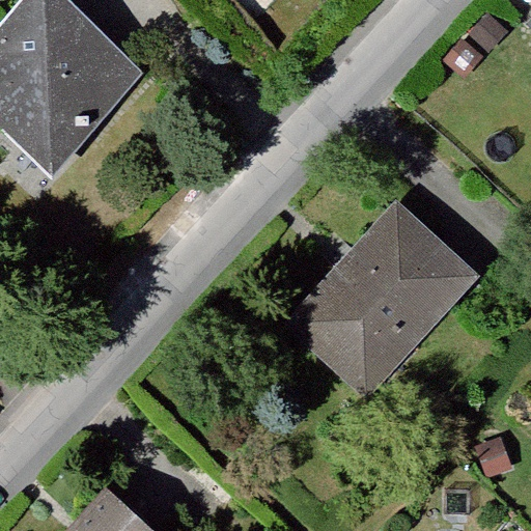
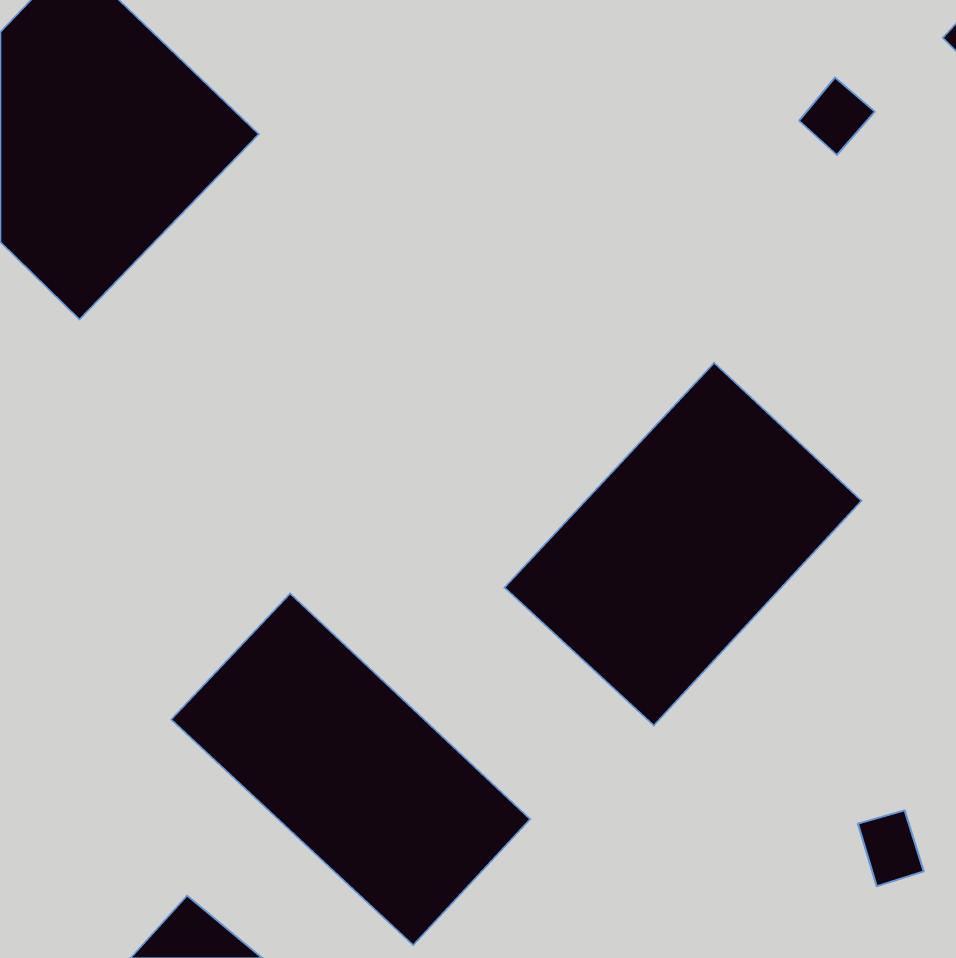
building: none -> [171,593,530,945]

